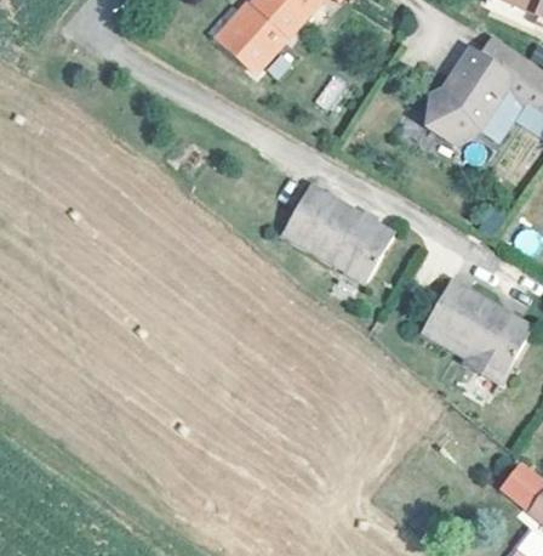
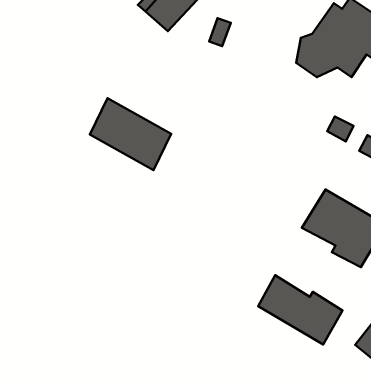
building: [288,188,394,282] -> [90,98,171,170]
building: none -> [258,275,342,344]

